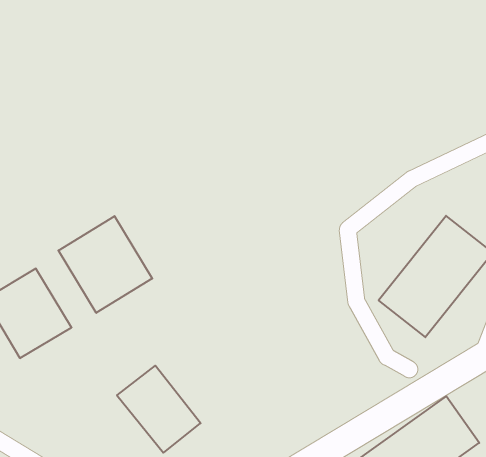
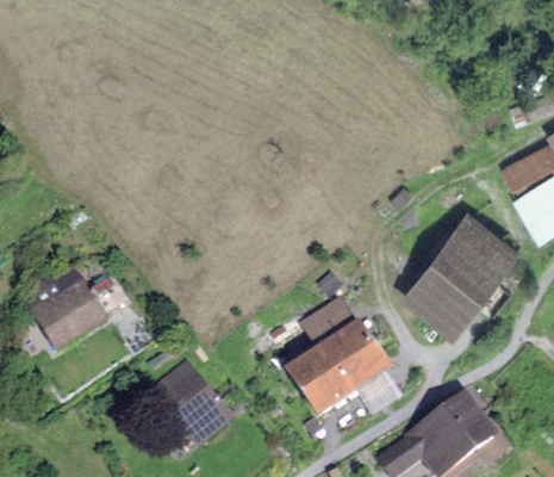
building: [58,216,152,313] -> none
building: none -> [284,290,393,415]

